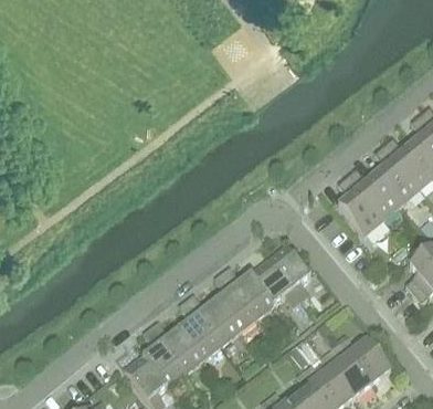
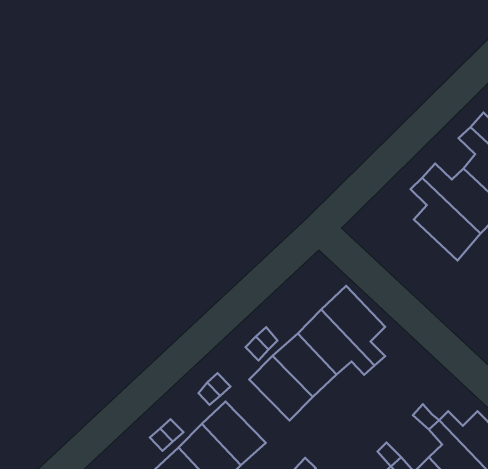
building: [196,302,237,346] -> none

